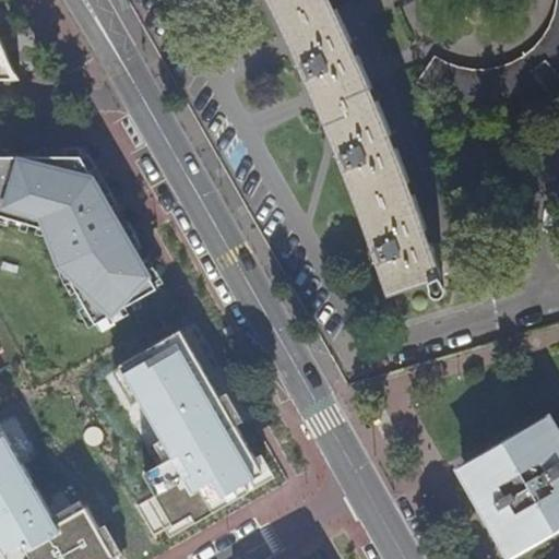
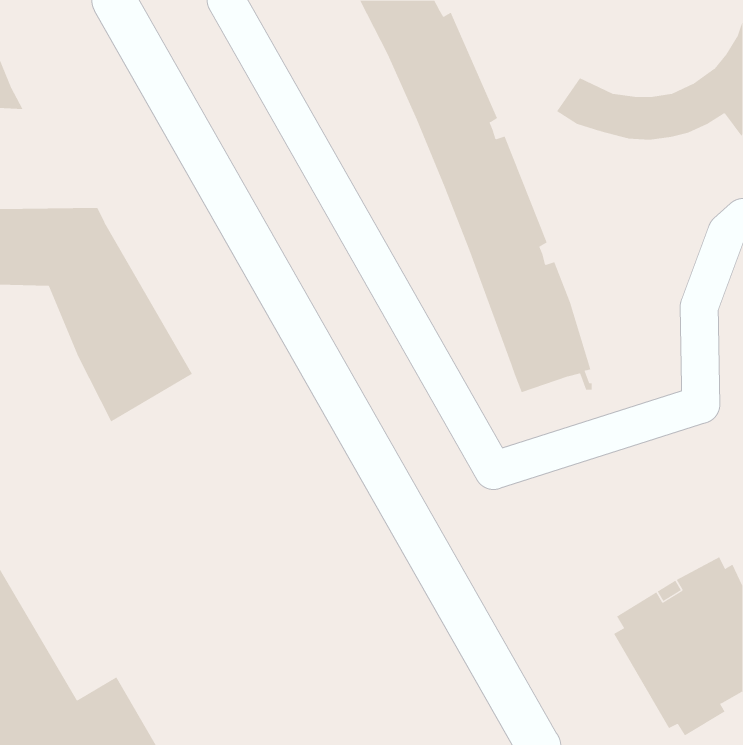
building: [118,329,264,532] -> none

